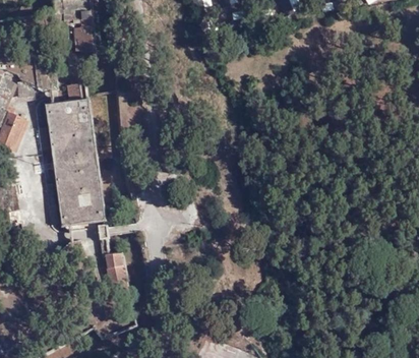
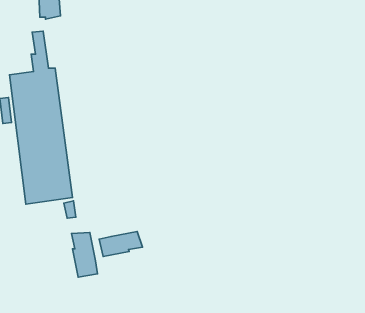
building: none -> [99,231,143,256]

